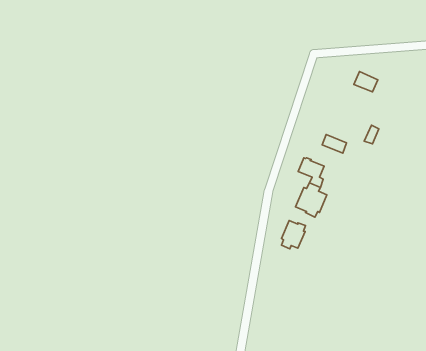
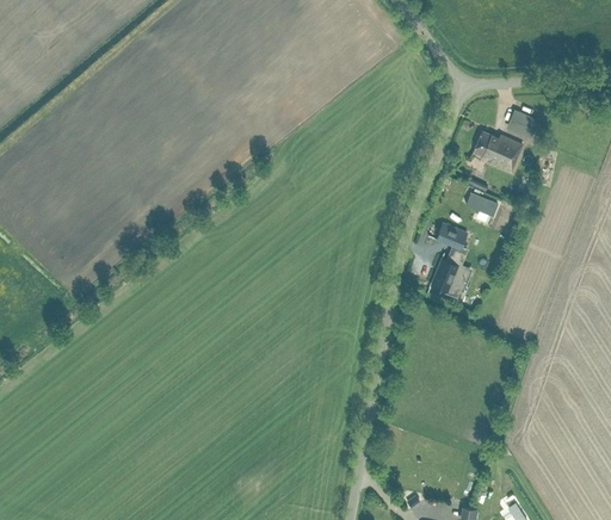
building: none -> [471,131,521,172]
building: [281,220,306,249] -> none

